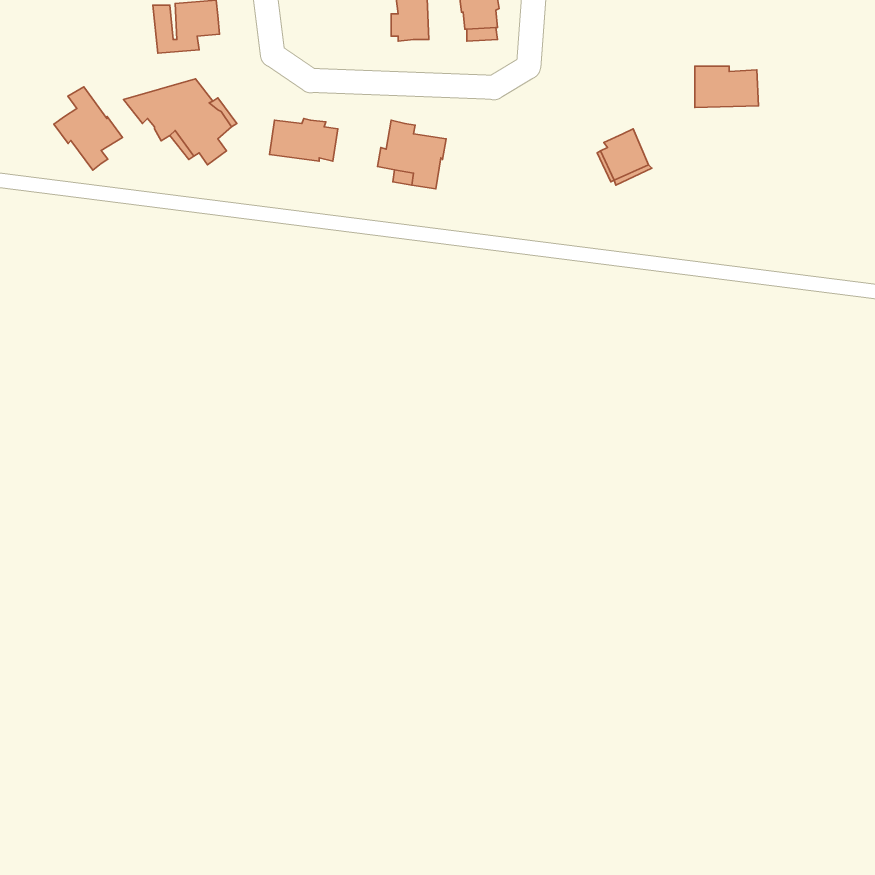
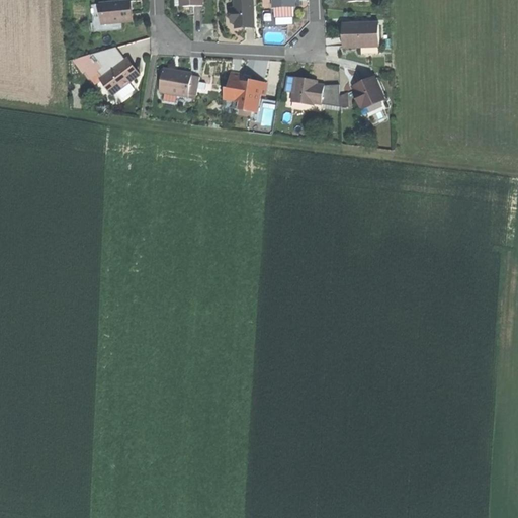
building: [695,66,758,107] -> [342,22,379,47]
building: [54,87,123,170] -> none
building: none -> [285,76,340,106]

